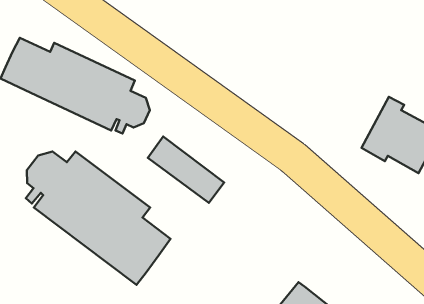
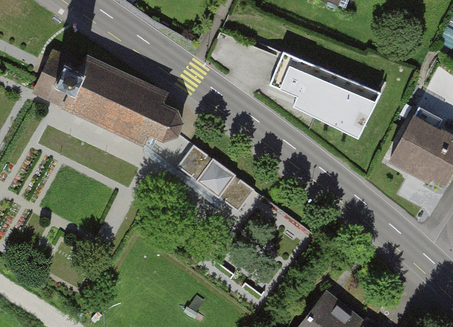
building: none -> [270,53,376,138]
building: [26,152,171,285] -> none

